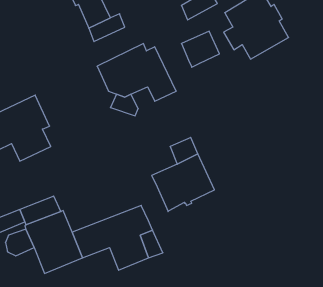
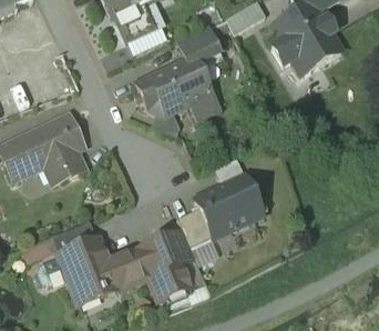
building: [181,31,219,67] -> [176,27,217,66]
building: none -> [175,209,211,249]

